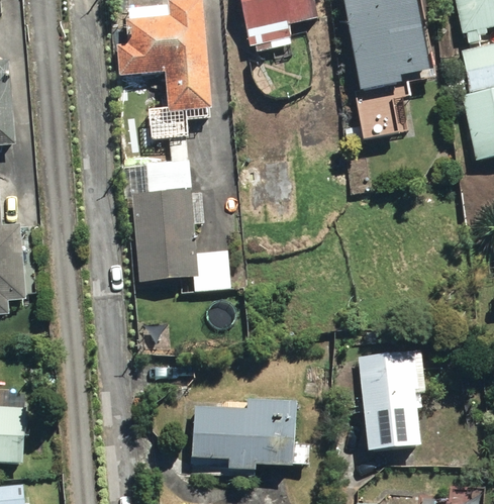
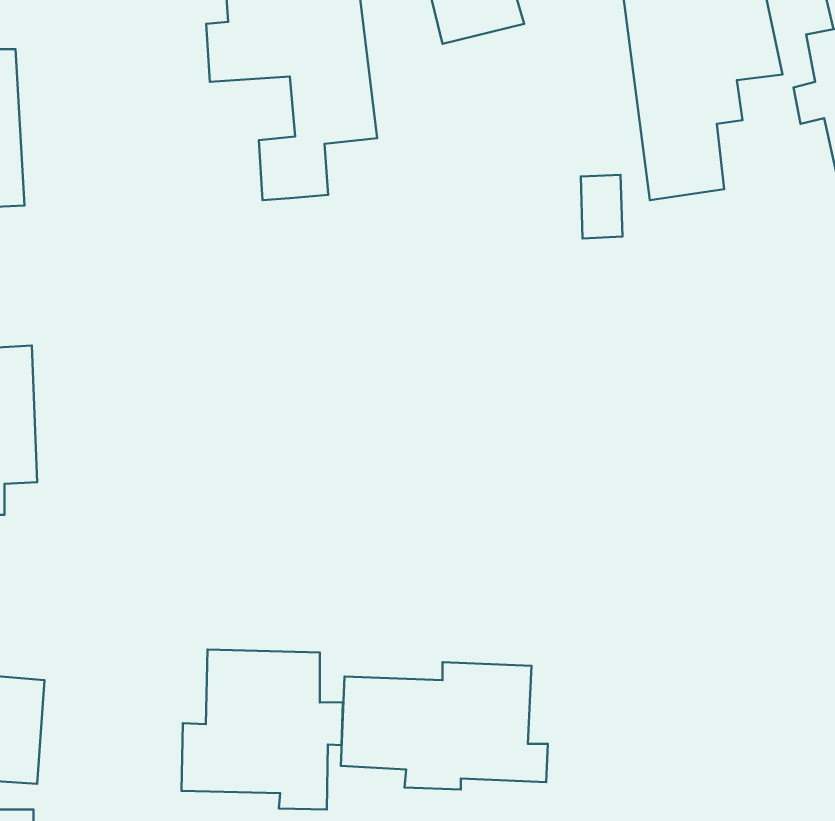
building: [128,137,230,295] -> none
building: [355,344,427,449] -> none
building: none -> [182,649,343,810]

